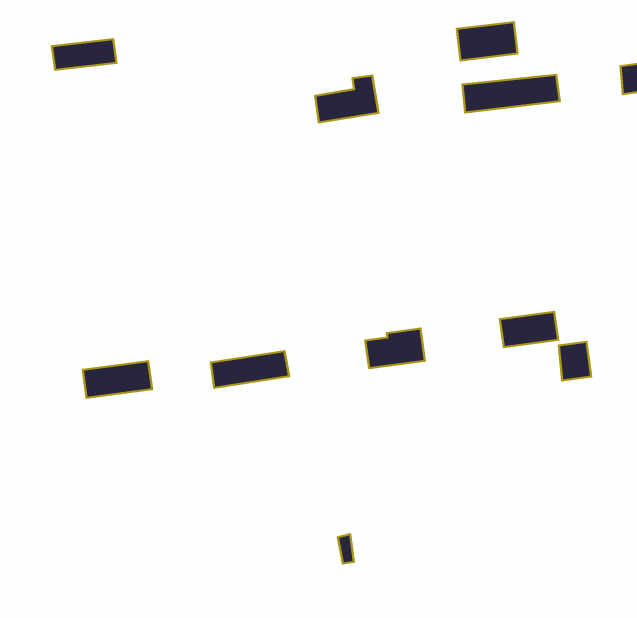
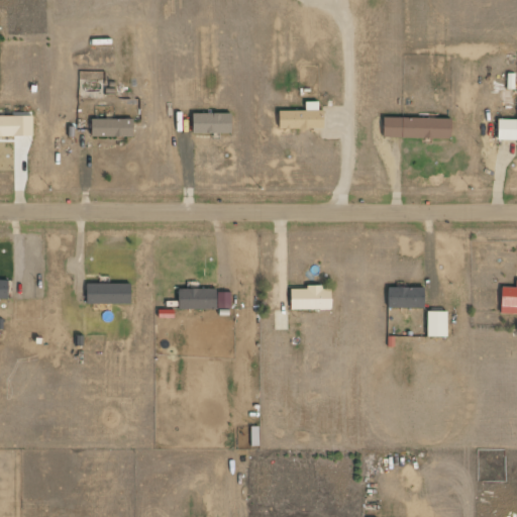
building: [457,22,518,60] -> none
building: [52,39,116,70] -> [91,118,135,136]
building: none -> [191,112,232,133]

